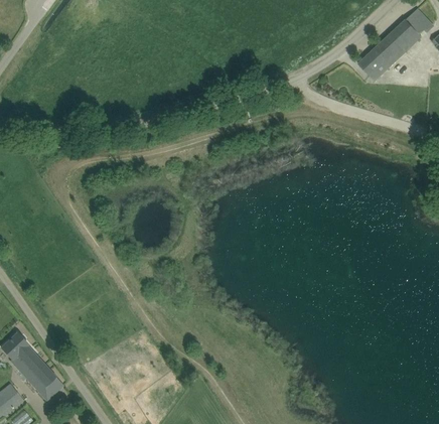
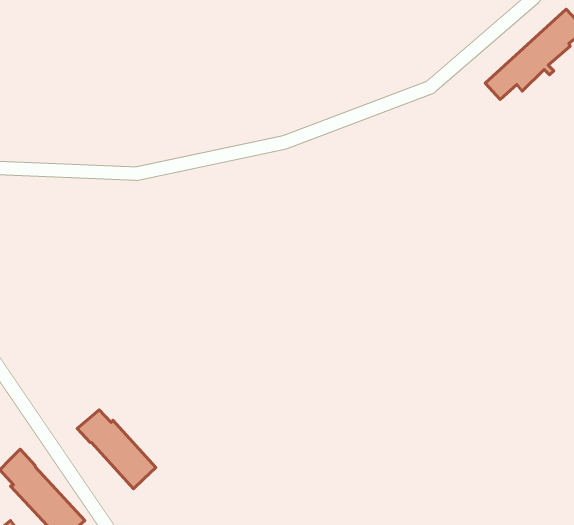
building: none -> [77,410,156,489]

